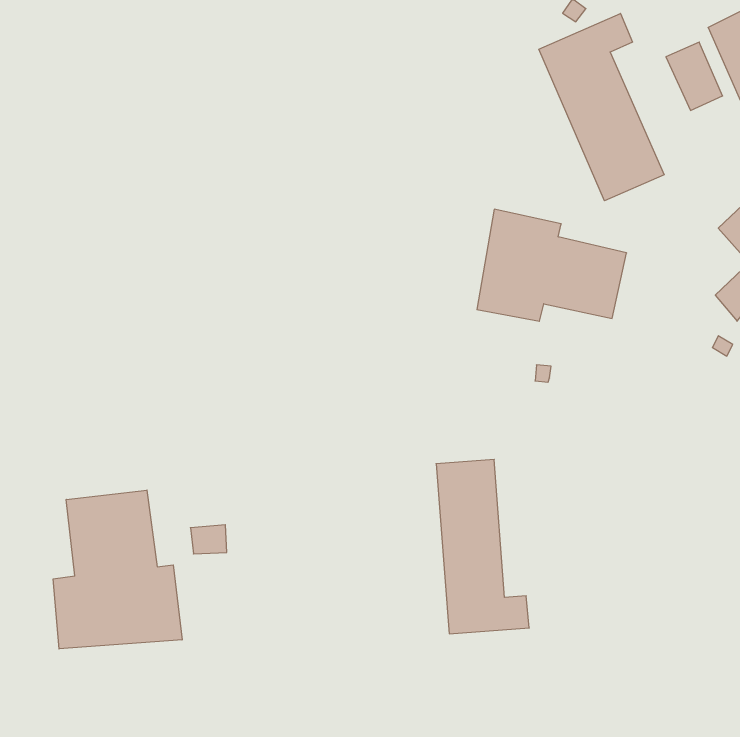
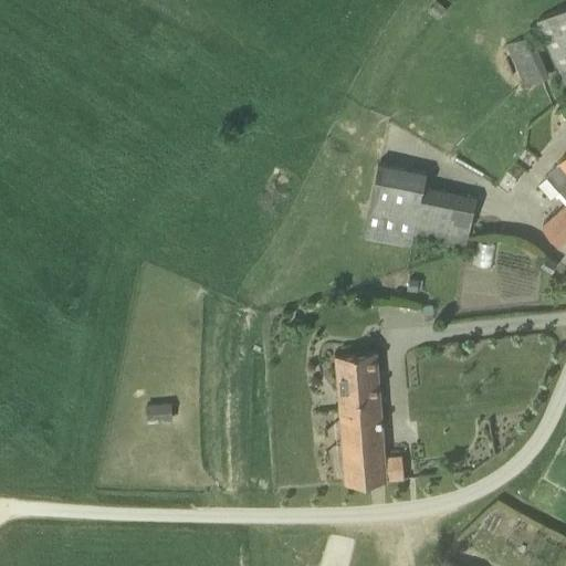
building: [539,13,664,201] -> none
building: [53,490,182,649] -> none

